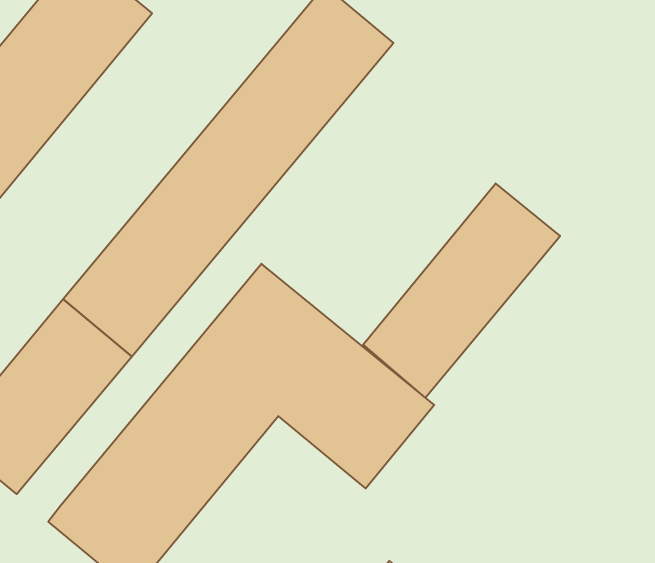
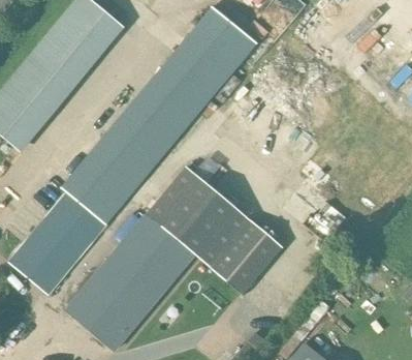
building: [363,183,560,398] -> none

